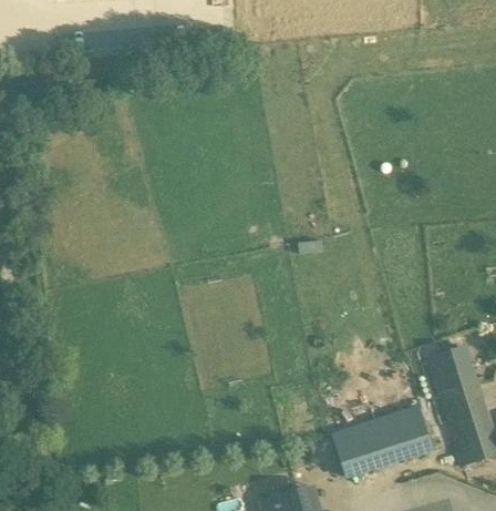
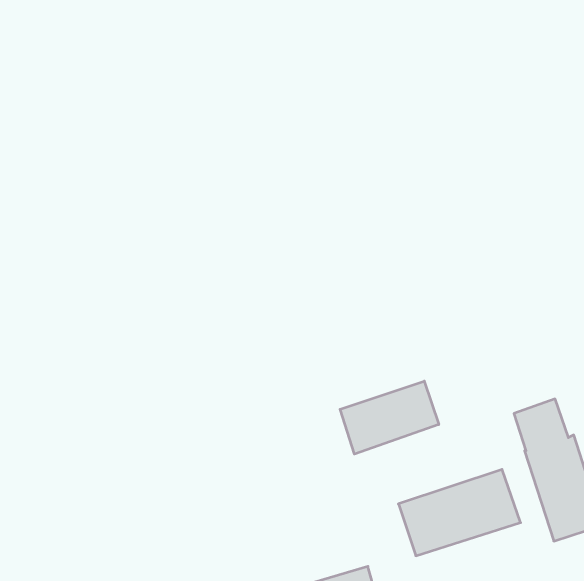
building: none -> [340,381,439,454]

